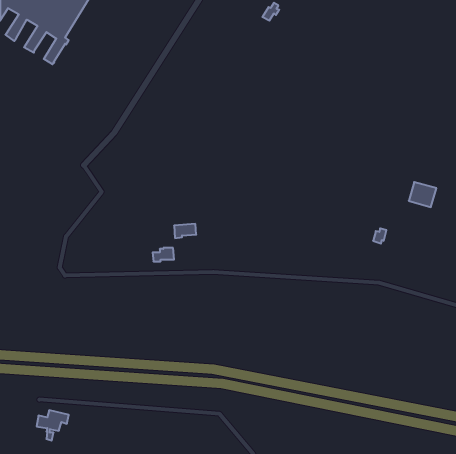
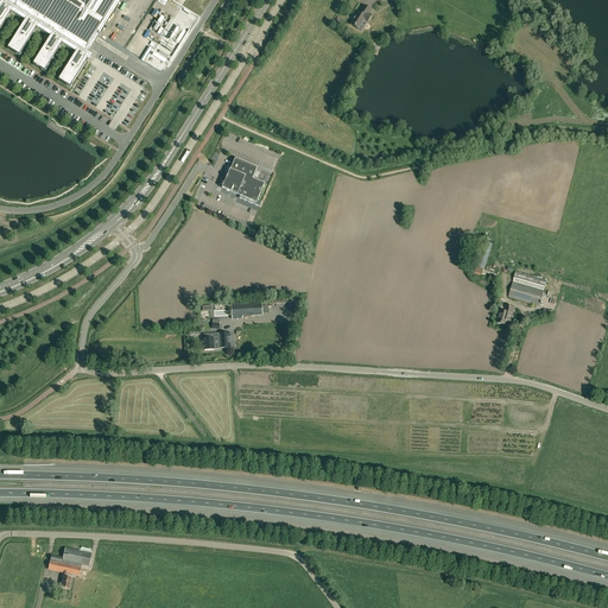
building: none -> [222,157,268,204]
building: [409,182,436,207] -> [508,270,545,303]

